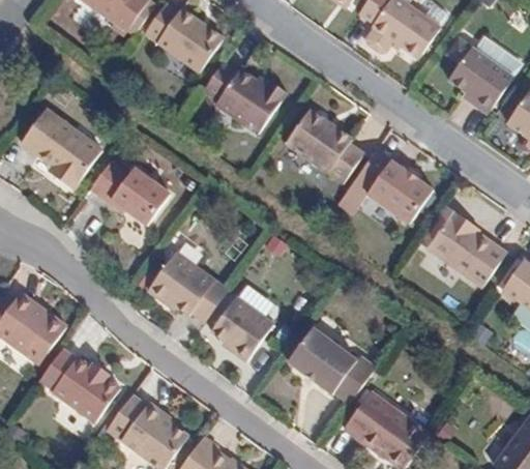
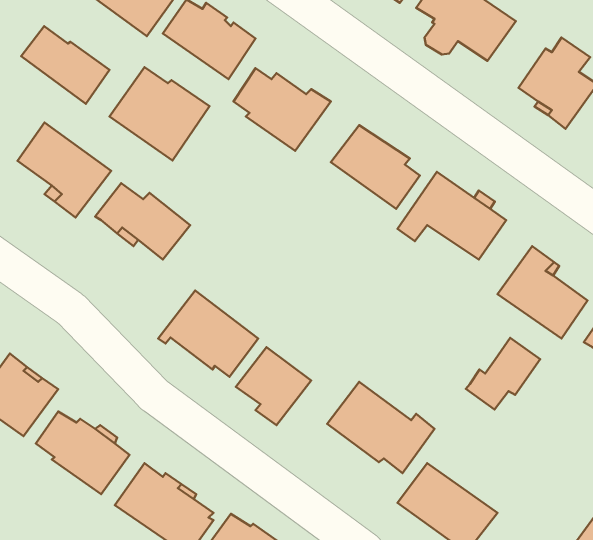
building: none -> [21,26,110,104]
building: none -> [109,67,210,161]
building: none -> [466,338,540,409]

